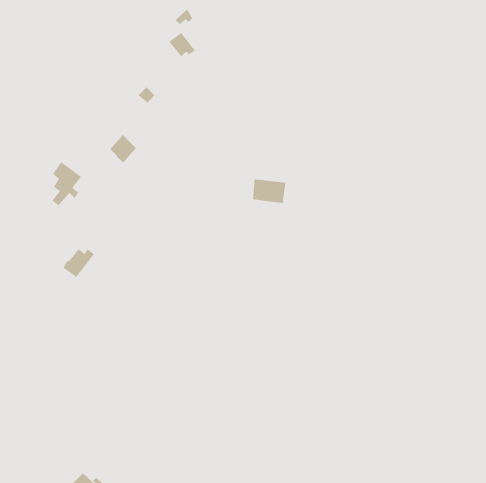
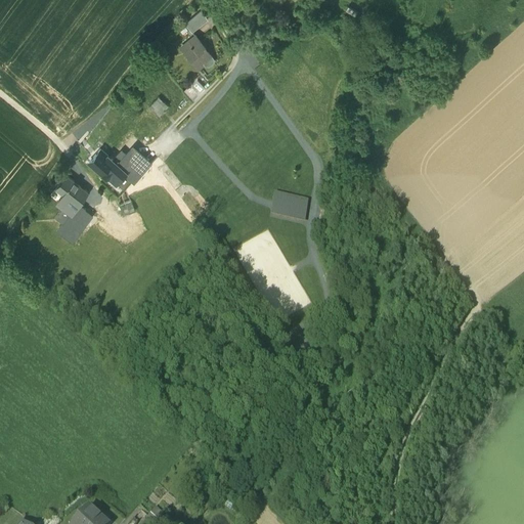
building: none -> [89,148,125,178]
building: [62,248,95,278] -> [57,212,92,244]

